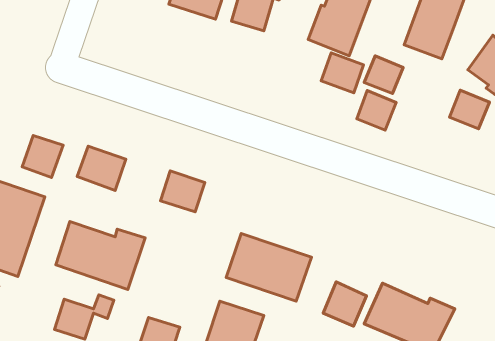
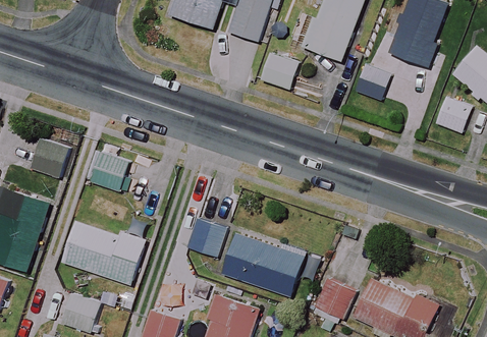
building: [321,53,363,93] -> [259,51,299,89]
building: [357,91,396,130] -> none
building: [161,171,205,212] -> [186,218,228,257]

